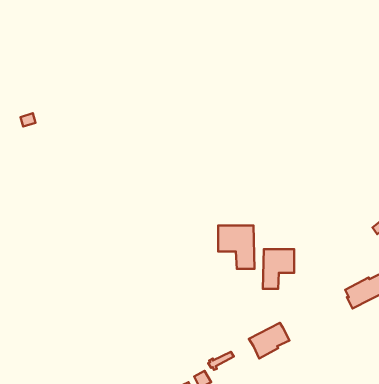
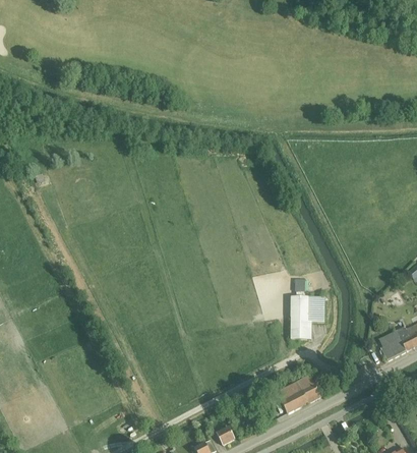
building: [218,226,254,269] -> none

